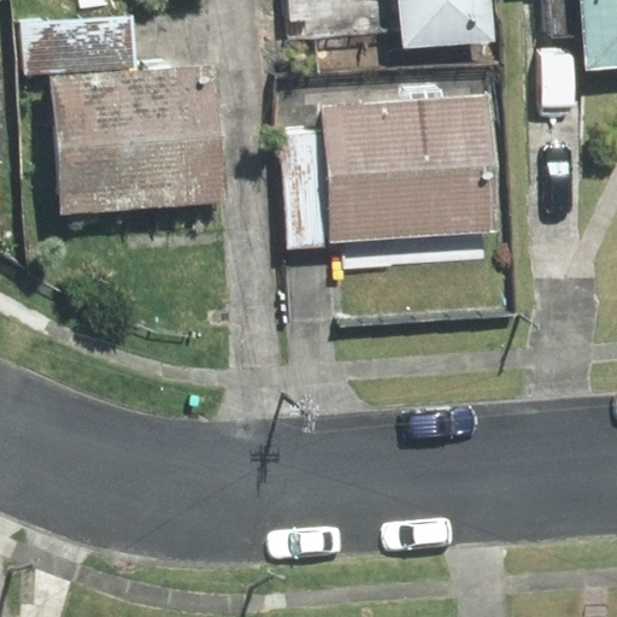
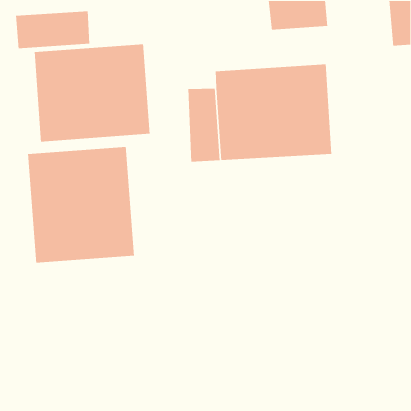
building: none -> [27,146,135,263]

